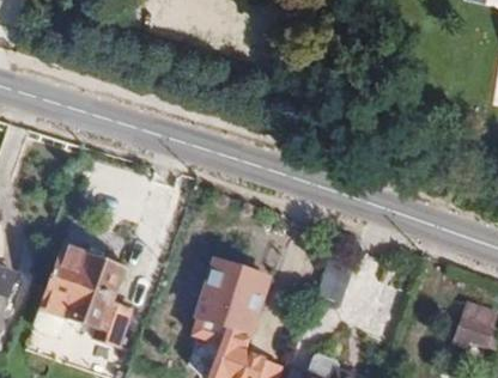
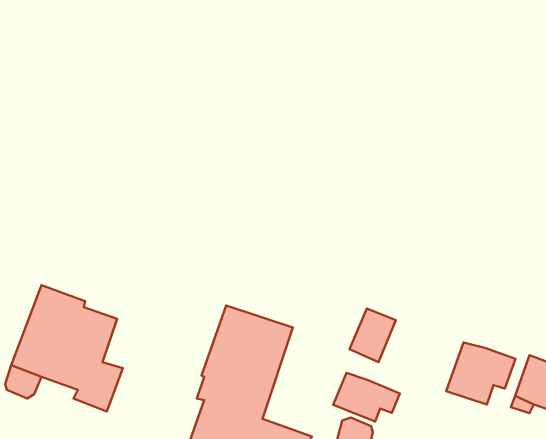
building: none -> [446,342,515,405]
building: none -> [333,373,400,421]

